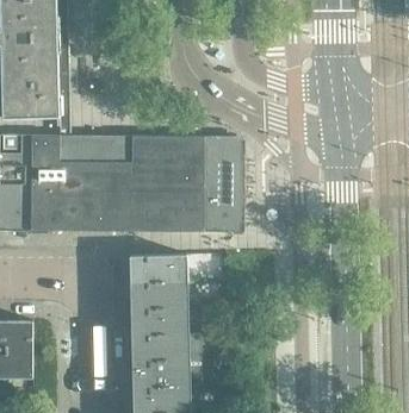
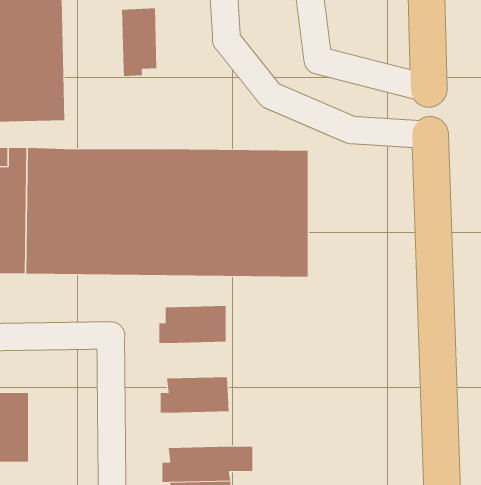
building: none -> [122,7,157,77]
building: [130,282,187,309] -> none
building: [131,334,184,362] -> none

